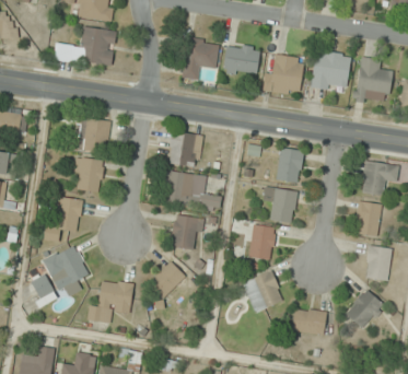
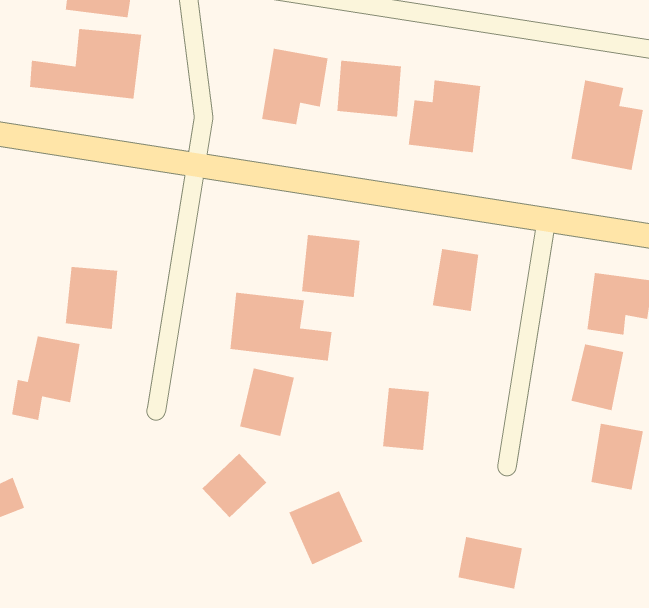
building: [310,49,351,92] -> none
building: [74,117,108,152] -> none
building: [167,132,200,167] -> [301,234,361,298]
building: [264,186,296,223] -> none
building: [43,244,89,297] -> none
building: [242,271,283,313] -> [288,490,363,566]
building: [88,280,132,324] -> none
building: [343,289,384,330] -> none

